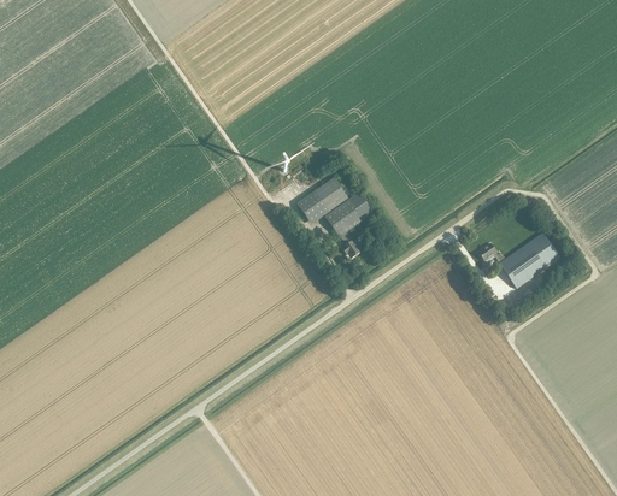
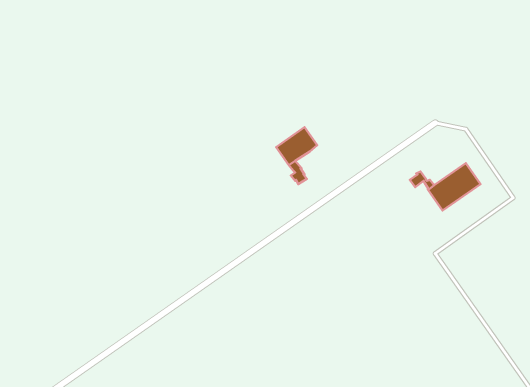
building: [300,177,347,219] -> none

